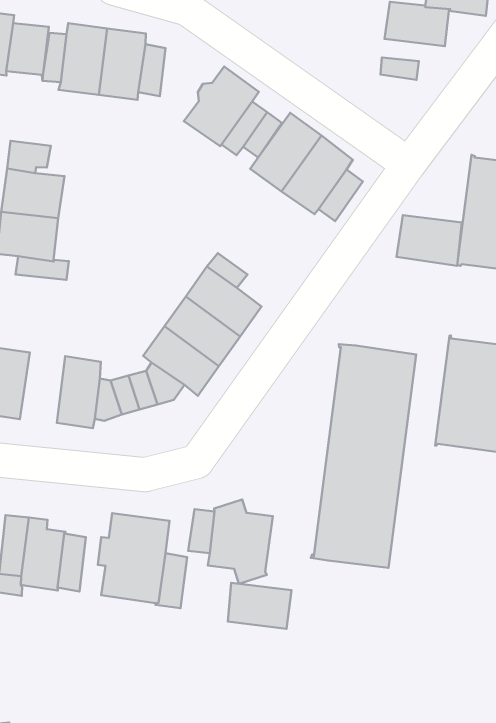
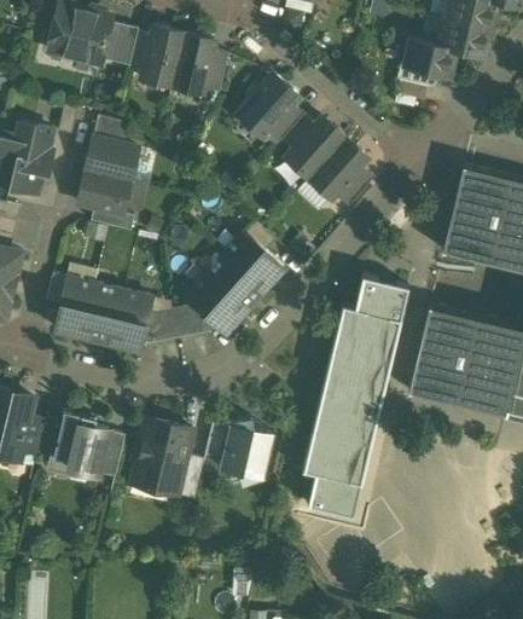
building: [397,215,462,266] -> [354,274,408,319]
building: none -> [82,285,123,343]
building: [228,583,292,629] -> [308,475,361,516]

